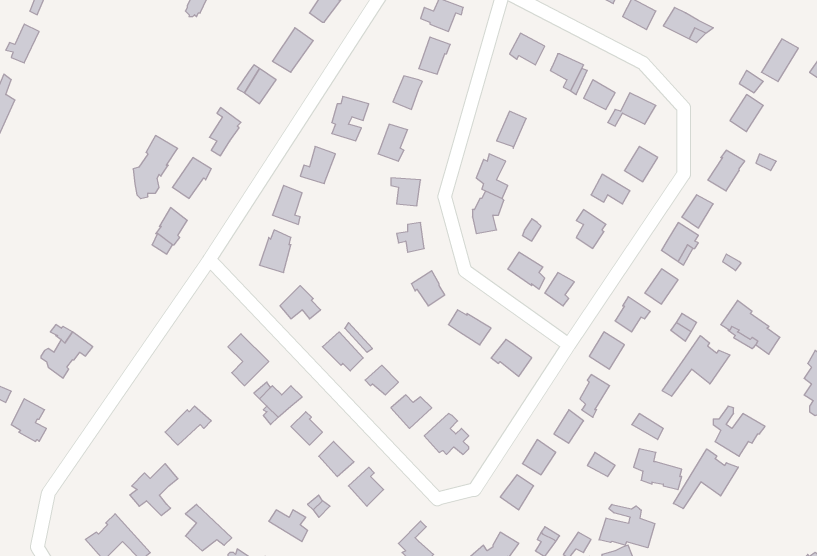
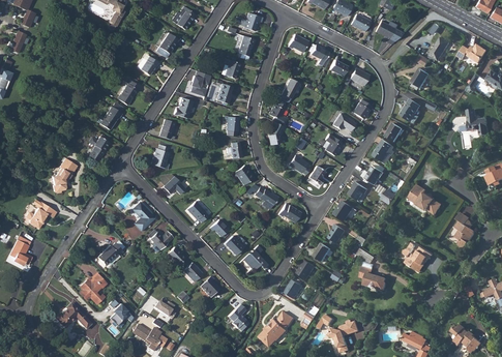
building: [133,136,178,199] -> [53,155,78,190]
building: [662,336,730,396] -> none
building: [673,449,738,509] -> none
building: [599,504,655,548] -> none

